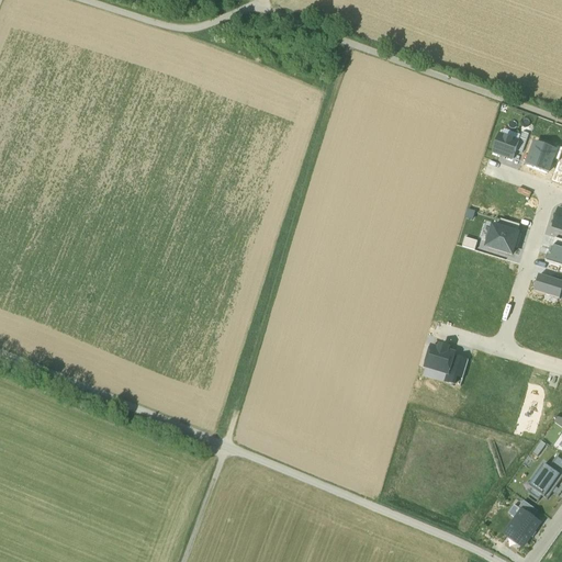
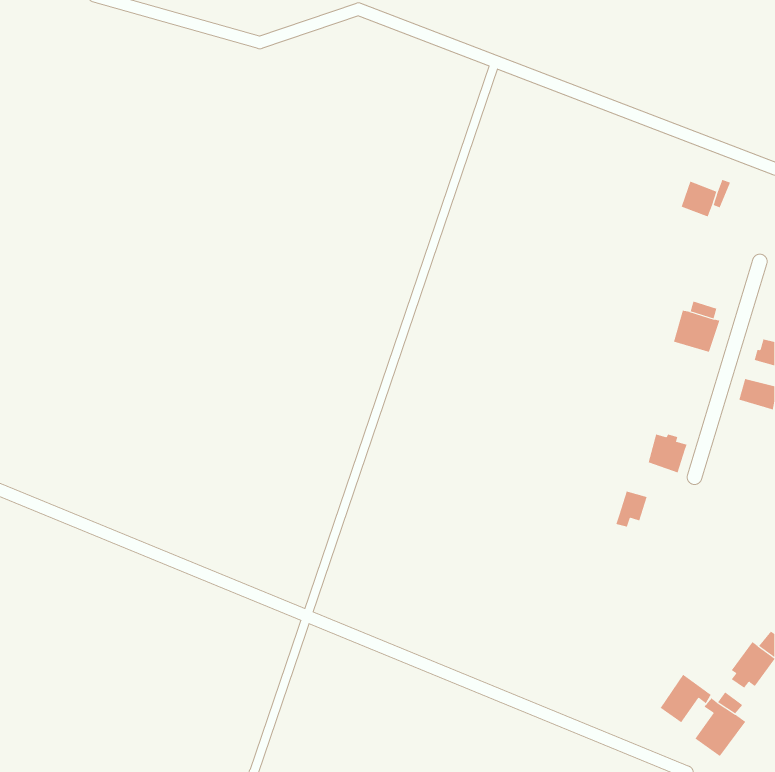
building: [526,140,554,171] -> none
building: [425,344,453,372] -> [648,434,687,473]
building: none -> [660,674,712,723]

